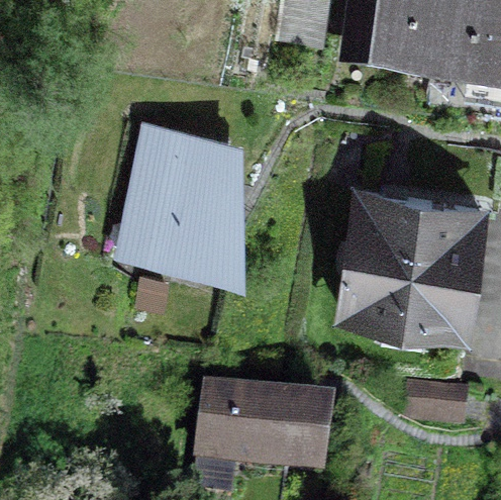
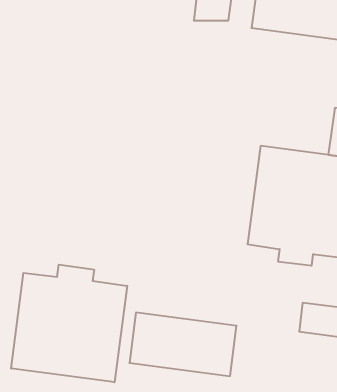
building: [128,127,231,270] -> none
building: none -> [11,265,127,382]

